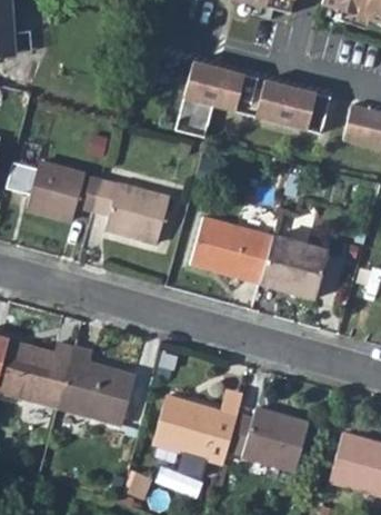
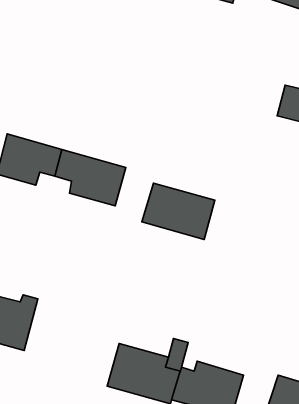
building: [174,60,331,139] -> none
building: [260,235,331,296] -> none
building: [58,346,134,424] -> none

